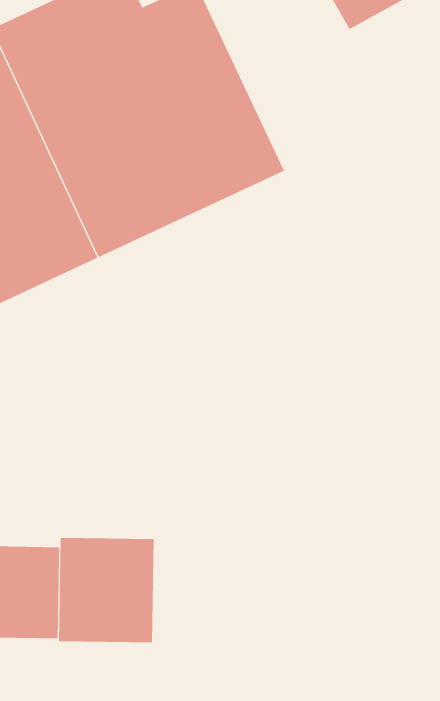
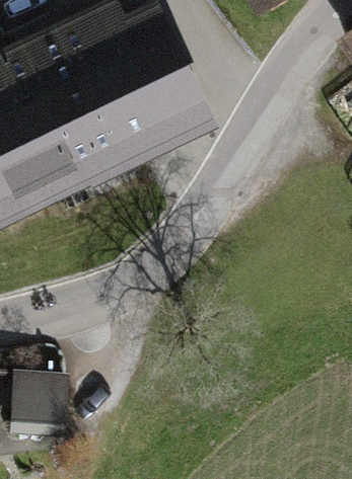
building: [59,537,154,643] -> none

